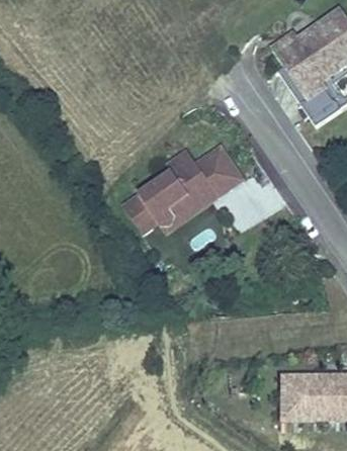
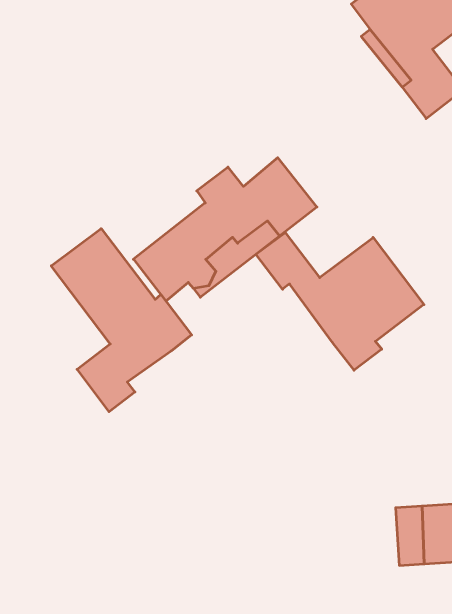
building: none -> [51,229,192,412]
building: none -> [256,233,424,370]

